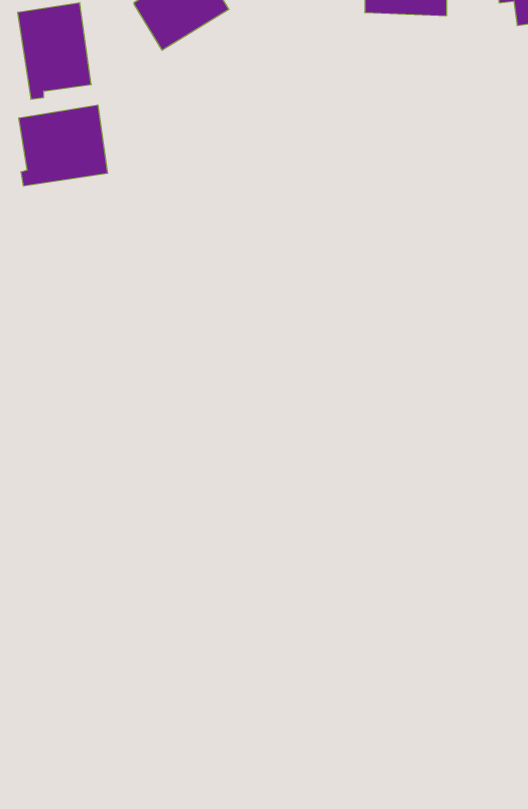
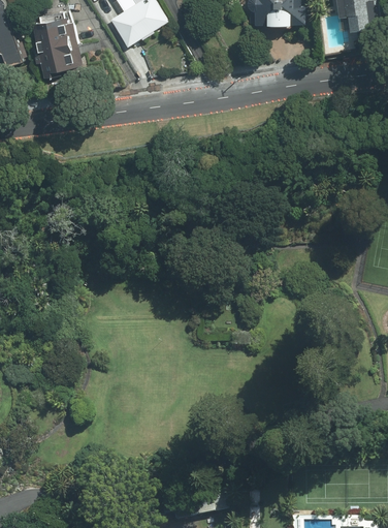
building: [19,105,108,186] -> none

